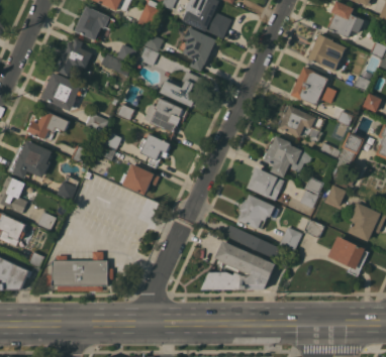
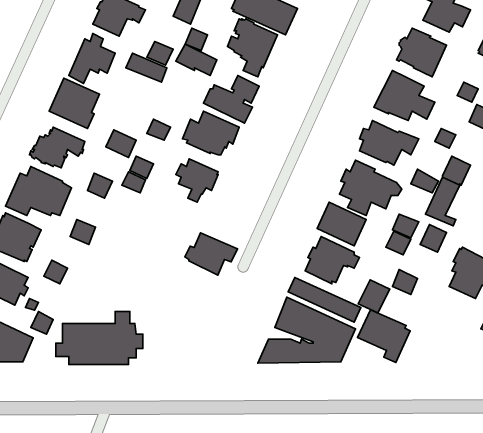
building: [119,163,160,196] -> [185,233,238,275]
building: [327,236,368,276] -> [357,310,410,362]

